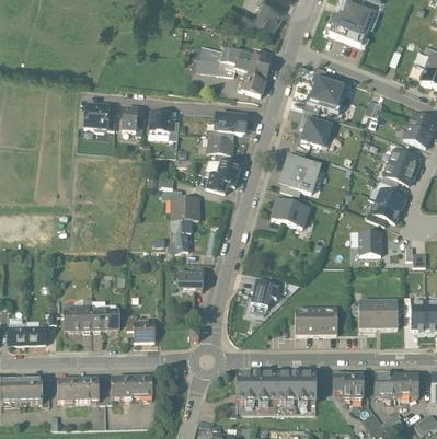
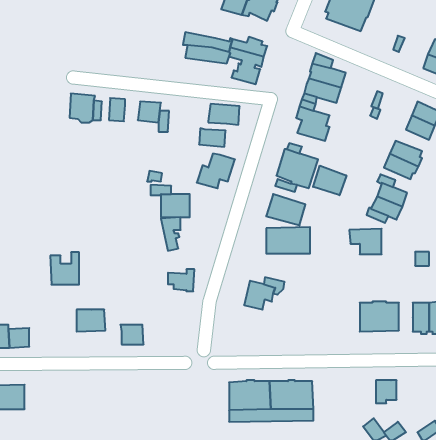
building: none -> [313,166,346,195]
building: [64,298,91,328] -> [50,252,79,285]
building: [295,309,336,334] -> [266,227,310,254]
building: [332,374,363,397] -> none
building: [394,374,417,396] -> none
building: [111,378,151,400] -> none
building: [57,379,97,401] -> none

